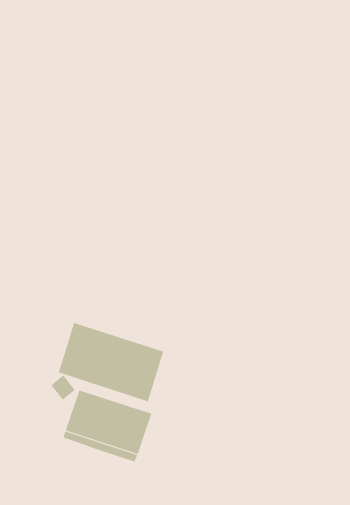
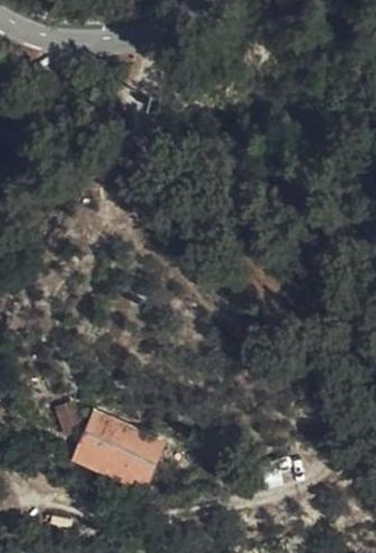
building: [58,322,164,402] -> none

